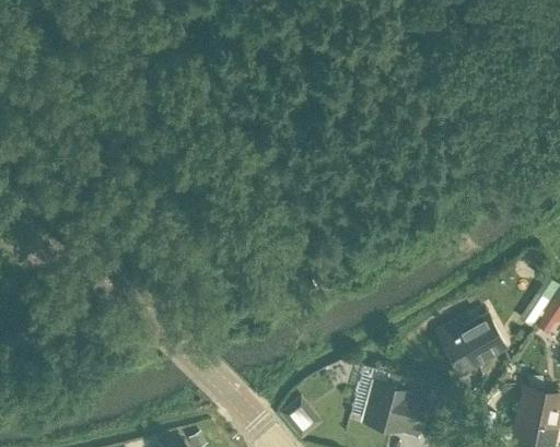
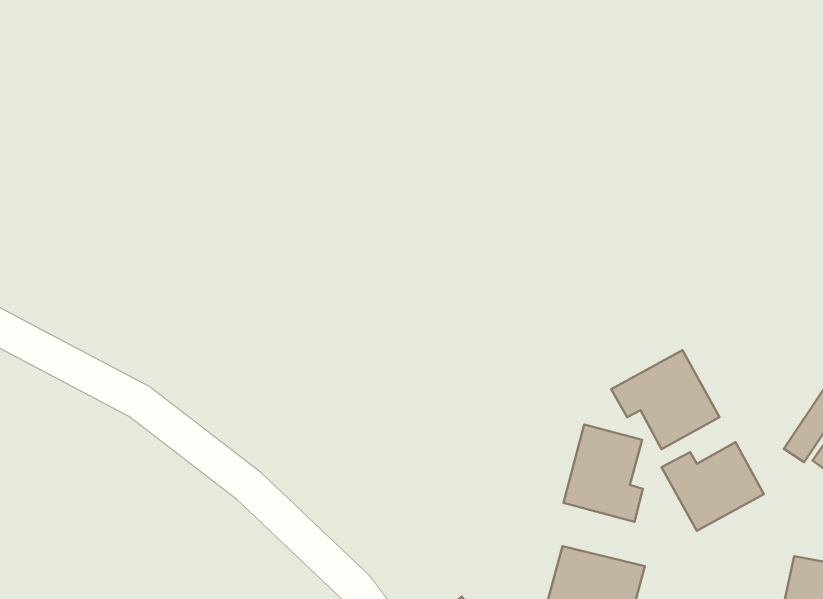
building: none -> [611,350,719,449]
building: none -> [563,424,643,522]

